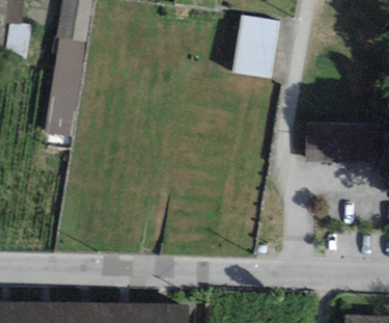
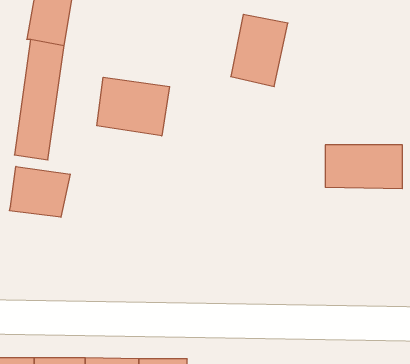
building: none -> [97,77,170,136]
building: none -> [10,166,70,217]

